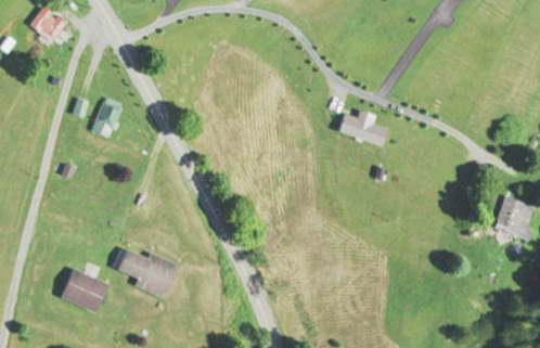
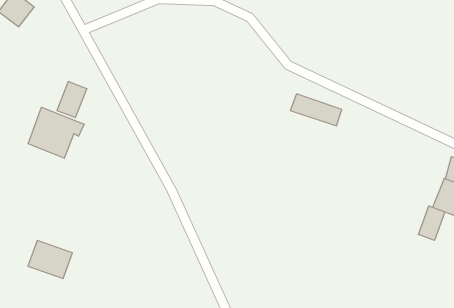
building: none -> [28,107,84,158]
building: none -> [418,206,445,240]
building: [116,246,184,300] -> none

